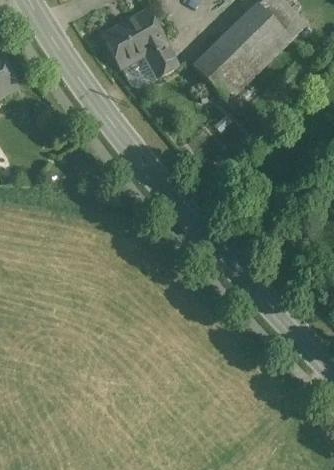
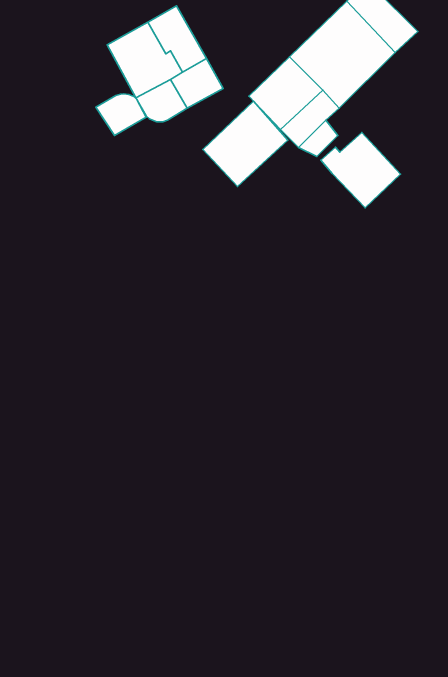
building: none -> [96,94,146,135]
building: none -> [203,101,288,187]
building: none -> [321,132,400,208]

